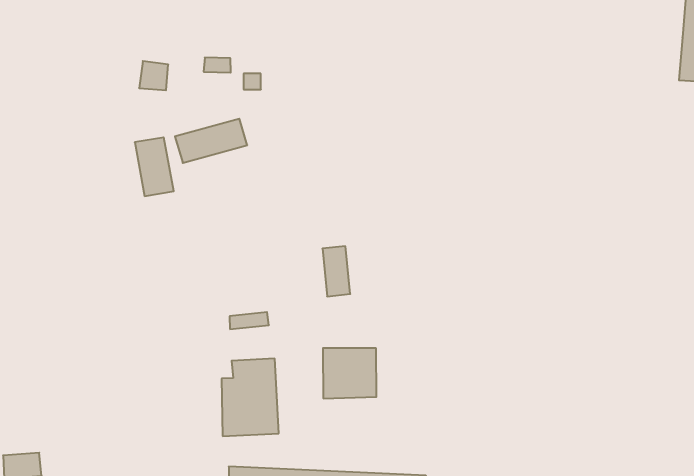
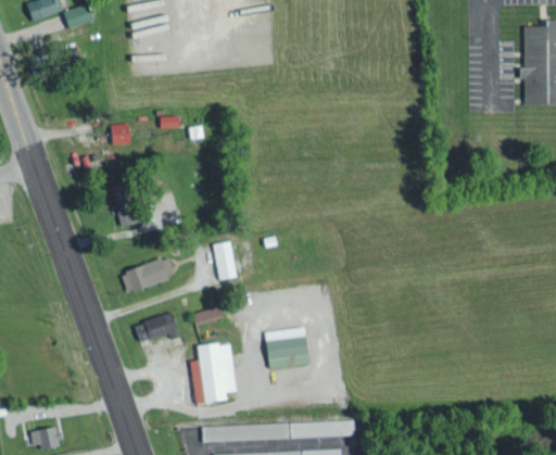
building: [175,119,247,163] -> [121,256,176,293]
building: [322,246,350,296] -> [213,241,237,280]
building: none -> [132,313,180,344]

